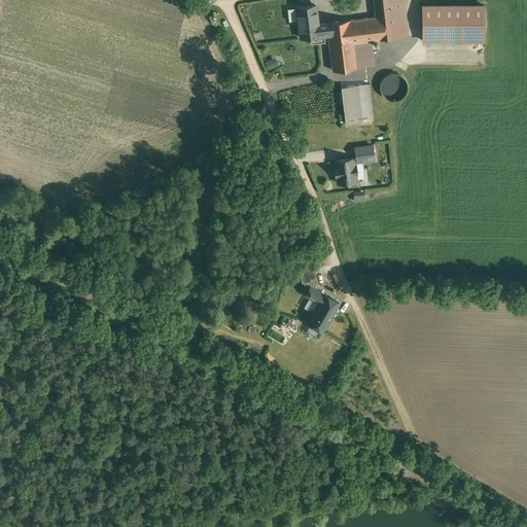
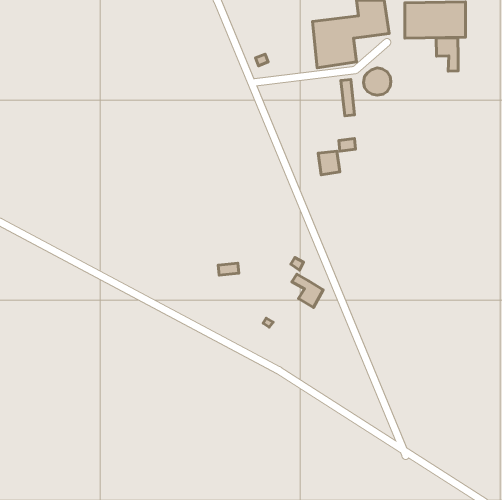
building: [296,7,328,39] -> none
building: none -> [436,38,458,71]
building: [341,86,361,126] -> none

